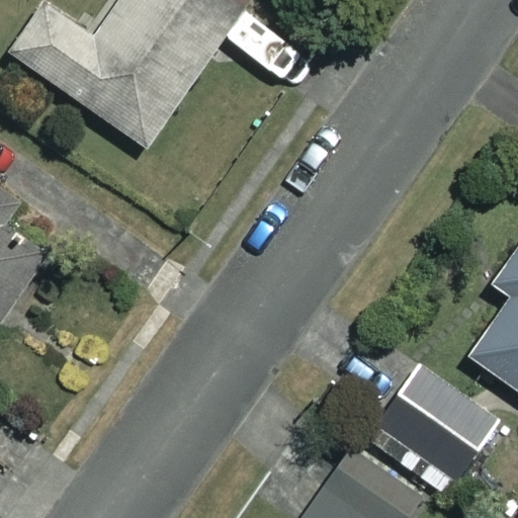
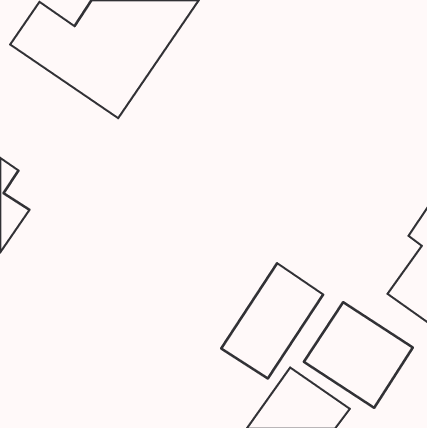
building: none -> [221,263,323,379]

